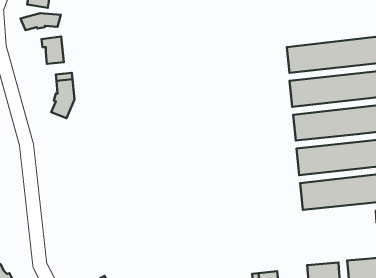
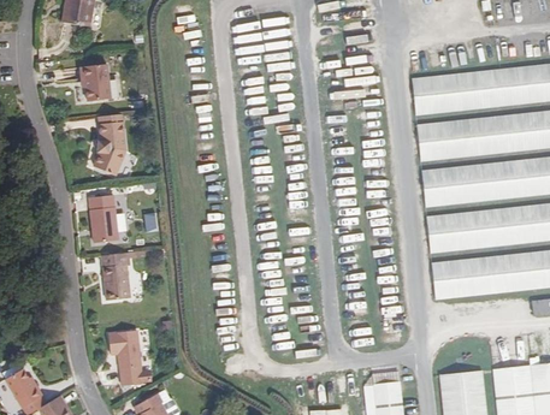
building: [21,13,61,30] -> none
building: none -> [89,196,118,243]
building: none -> [101,253,131,302]
building: none -> [110,331,153,383]

